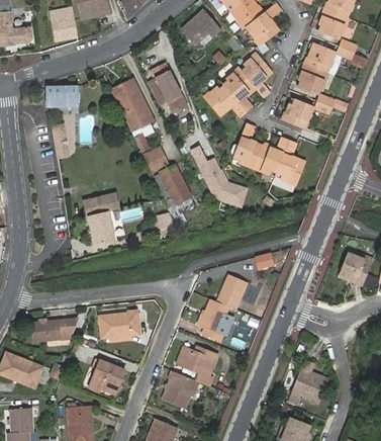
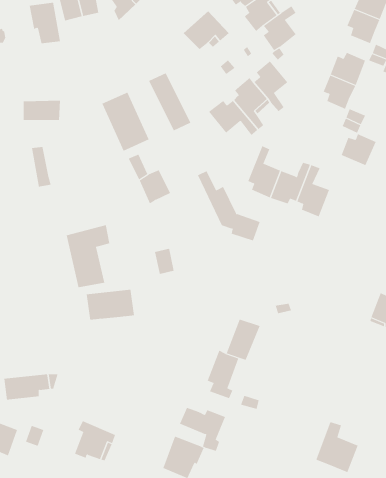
building: [282,101,312,128] -> [341,134,377,166]
building: [158,164,192,205] -> none
building: [98,312,139,338] -> [86,289,135,320]

